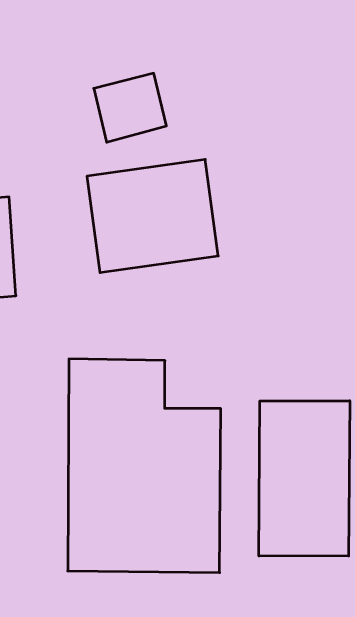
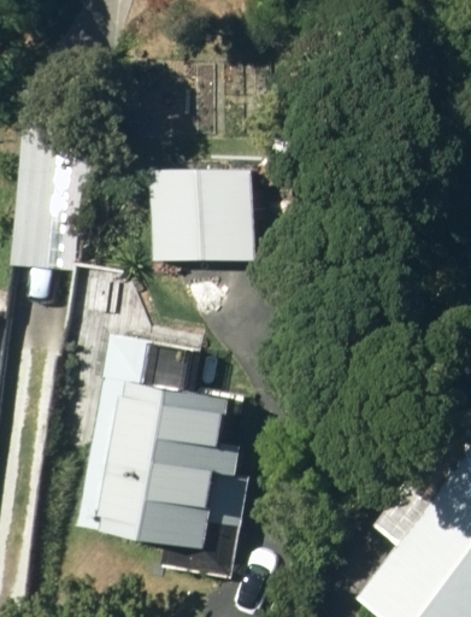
building: [259,401,350,556] -> none

